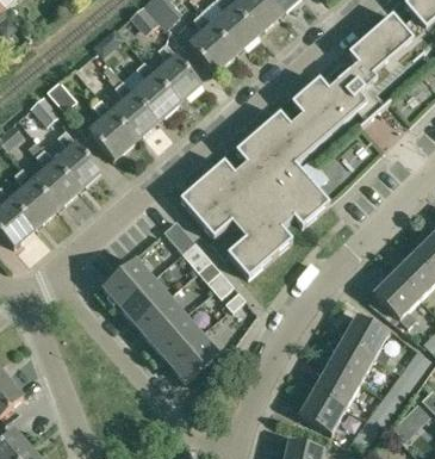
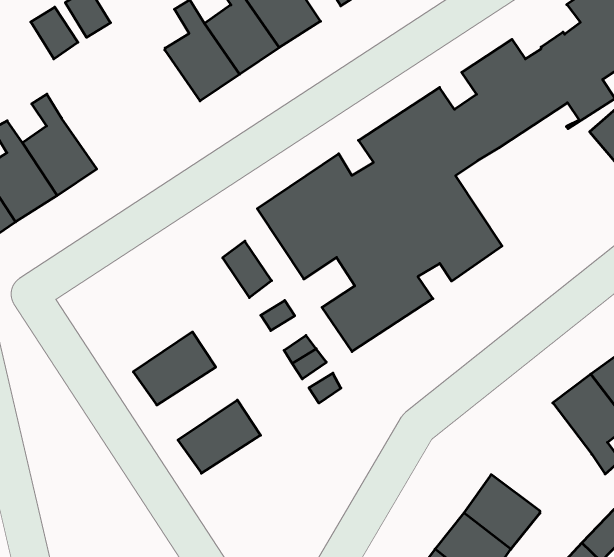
building: [91,99,137,159] -> none
building: [56,129,102,188] -> none
building: [104,260,151,306] -> none
building: [136,297,184,343] -> none
building: [341,312,390,364] -> none
building: [168,334,216,380] -> none

